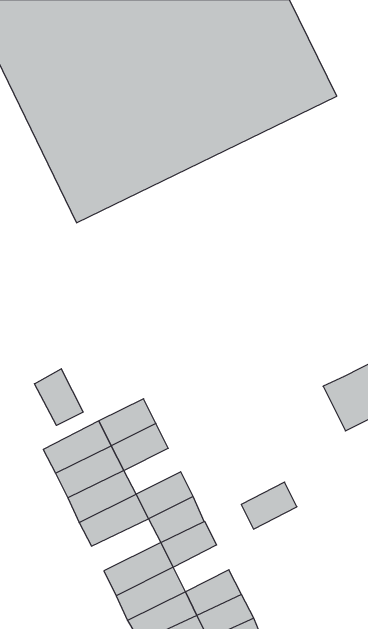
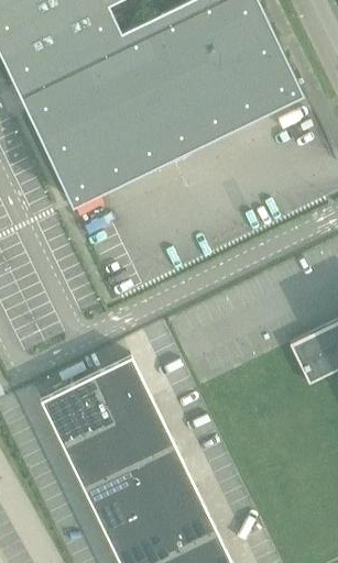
building: [34,369,83,425] -> none
building: none -> [111,401,162,442]
building: [241,482,297,529] -> [155,487,205,529]
building: none -> [83,464,144,510]

